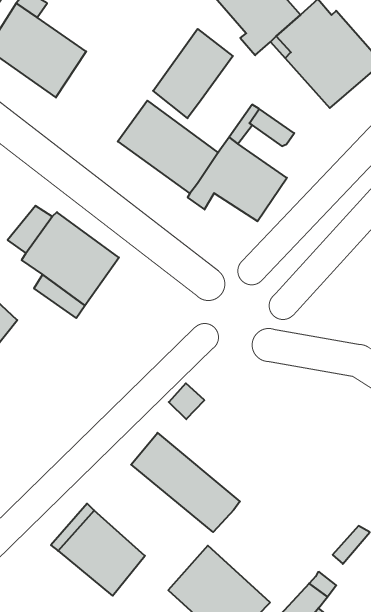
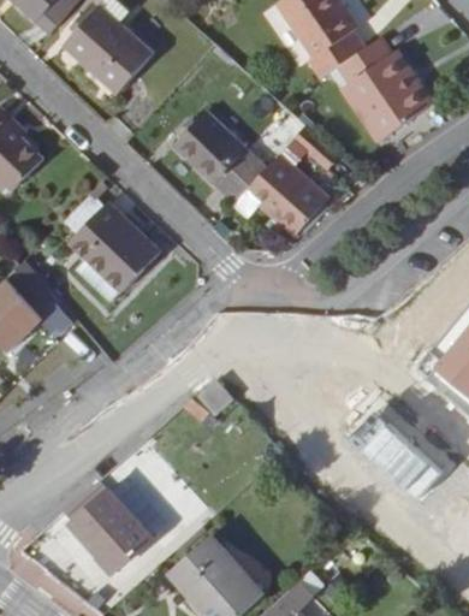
building: [153,29,233,118] -> none
building: [131,433,240,532] -> none

